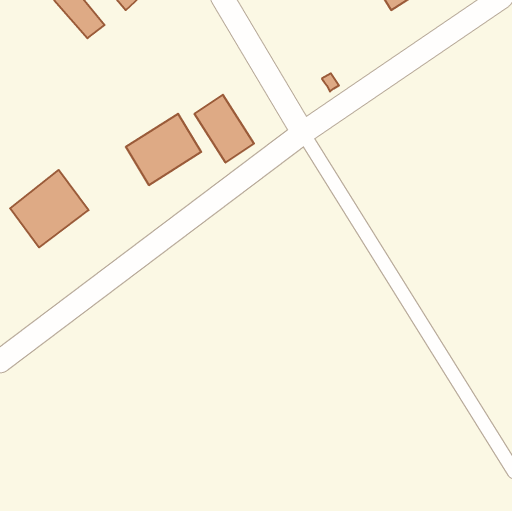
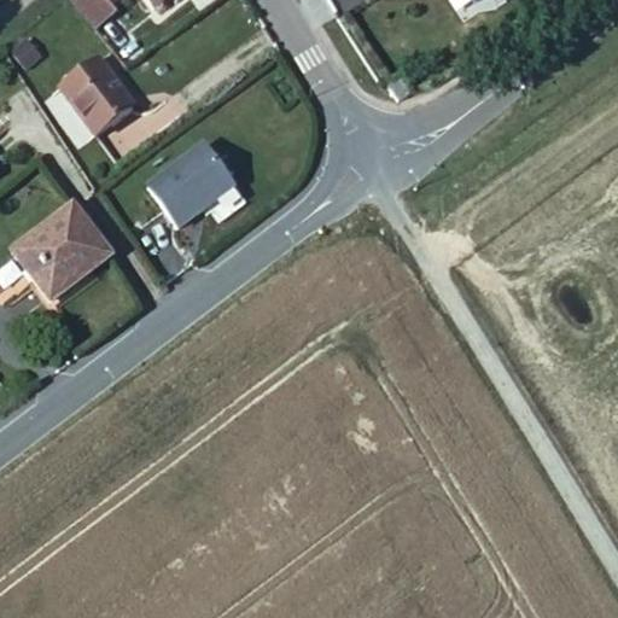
building: none -> [57,53,135,135]
building: [195,95,254,163] -> none

